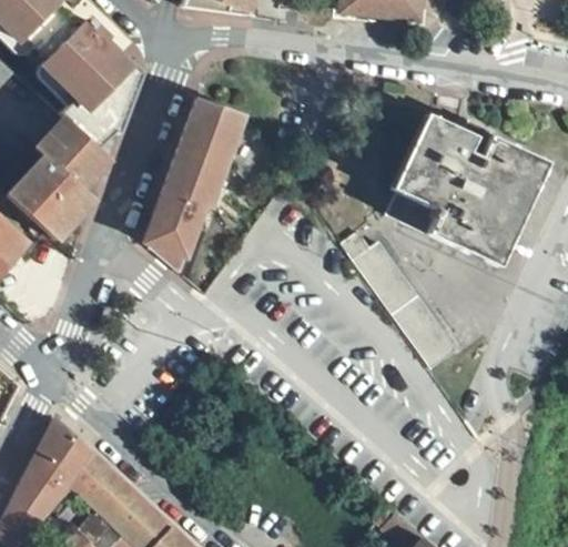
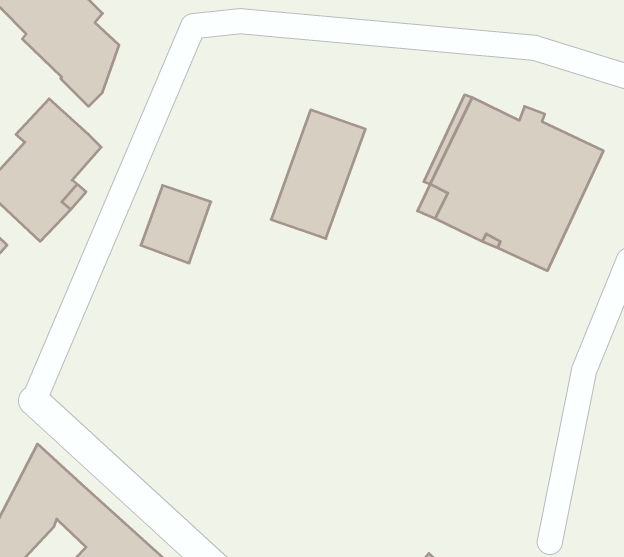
building: [61,43,142,149] -> none
building: [163,98,245,210] -> [271,110,365,239]
building: [341,232,457,368] -> none

